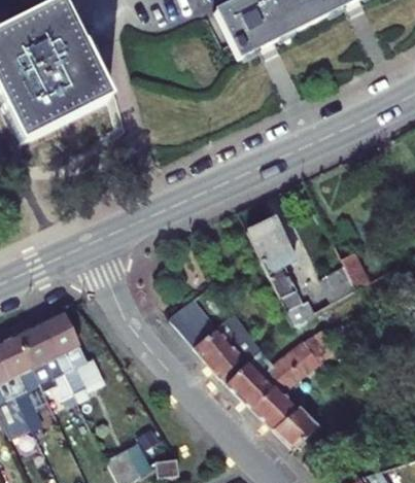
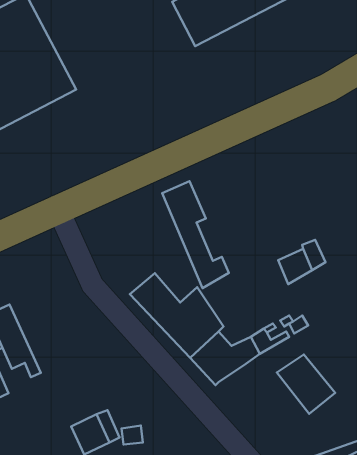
building: [249,217,317,326] -> [162,181,229,288]
building: [42,314,91,395] -> none
building: [255,386,315,447] -> [277,354,335,414]

